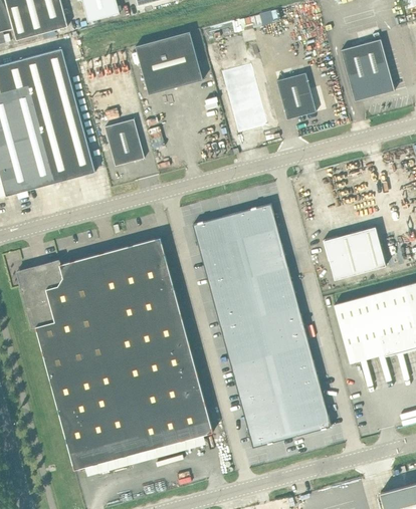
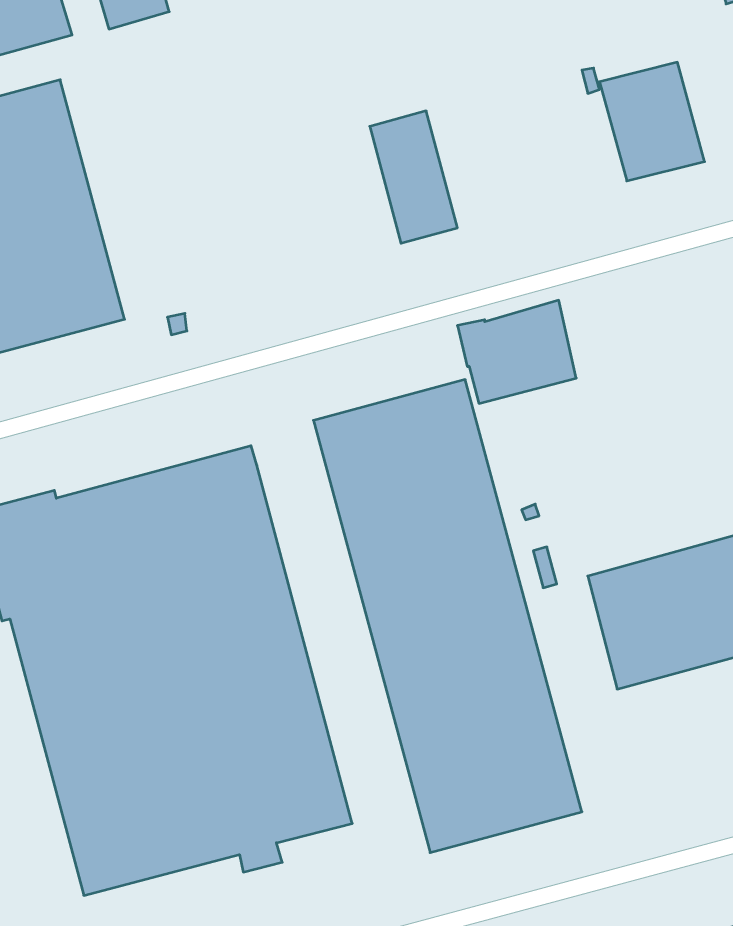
building: [136,32,203,95] -> none
building: [276,73,317,120] -> none
building: [105,119,145,167] -> none
building: [324,227,385,280] -> [457,300,576,403]

